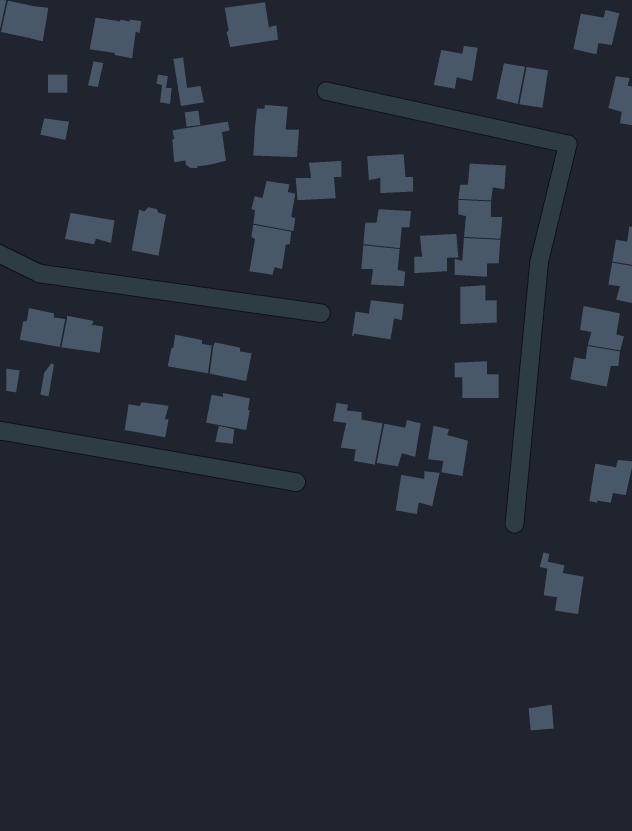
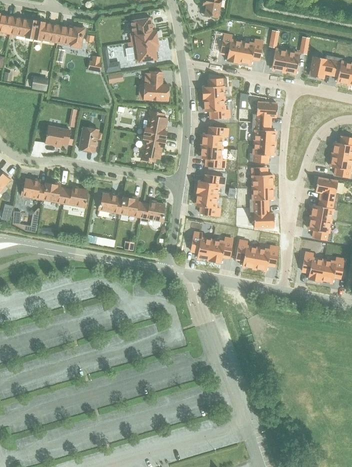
building: none -> [33,20,60,42]
building: [573,9,620,55] -> [309,54,334,78]
building: none -> [220,34,242,62]
building: [172,121,230,169] -> [127,37,158,62]
building: [295,161,342,202] -> [201,77,226,99]
building: [414,234,459,273] -> [249,186,273,207]
building: none -> [195,192,218,216]
building: none -> [308,216,332,240]
building: [205,392,251,430] -> [140,201,164,221]
building: [124,402,169,438] -> [63,187,87,206]
building: [395,471,440,514] -> [254,246,278,269]
building: [539,552,585,614] -> [299,247,323,280]

